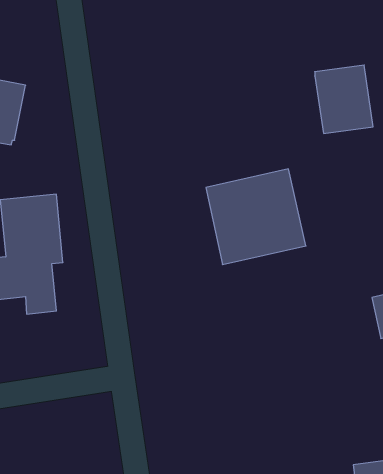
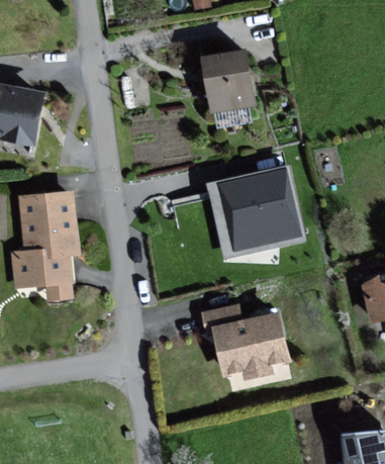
building: [315,65,373,133] -> [202,51,256,113]
building: none -> [205,302,292,380]

